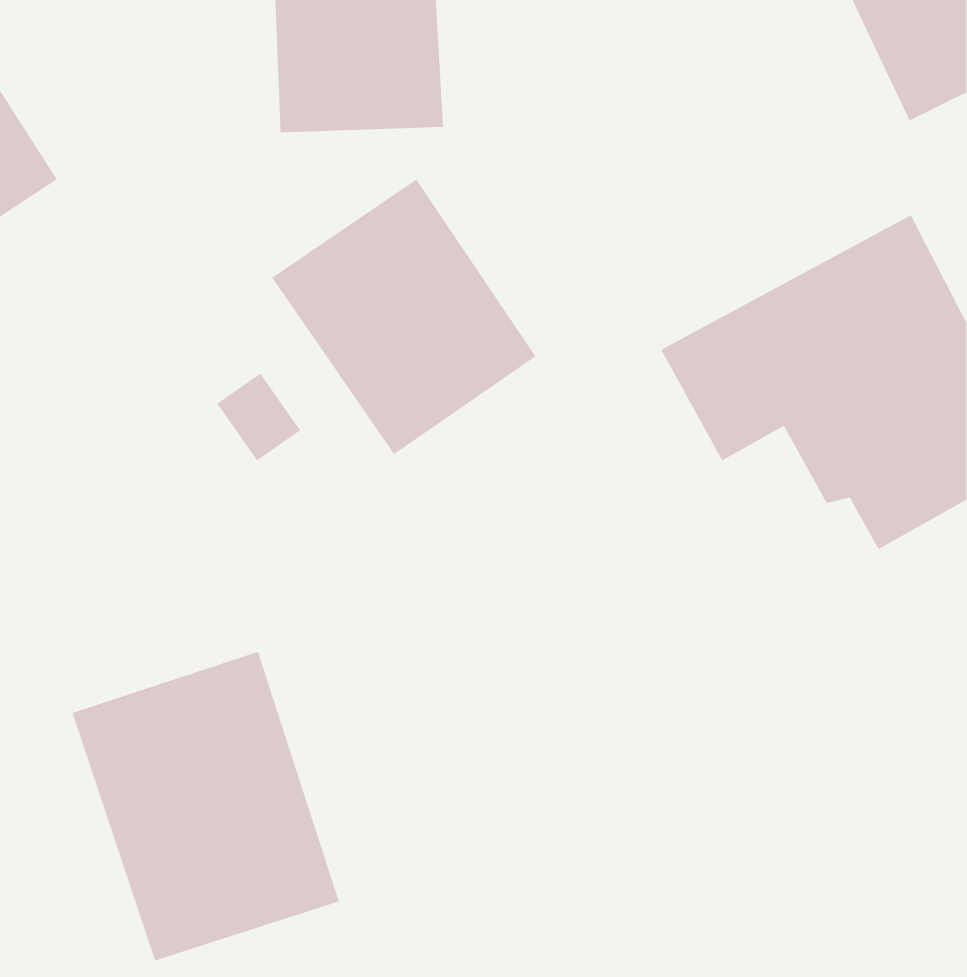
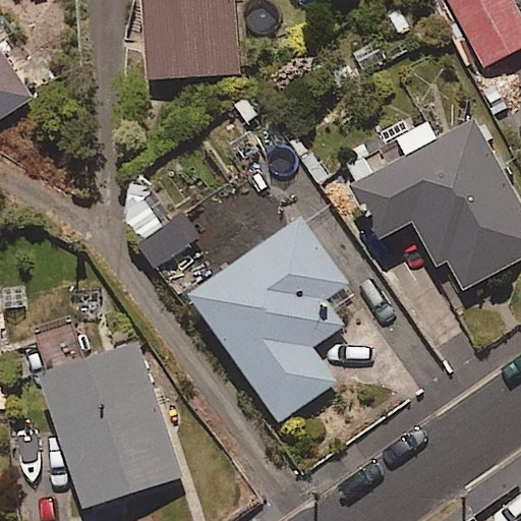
building: [271,178,537,455] -> none
building: none -> [189,218,349,424]

